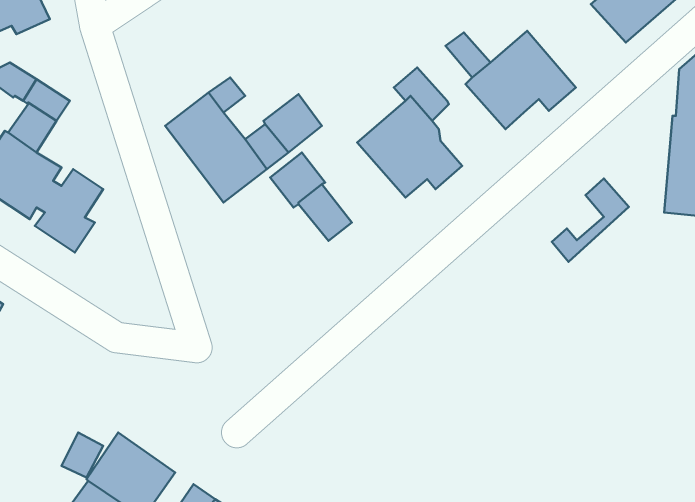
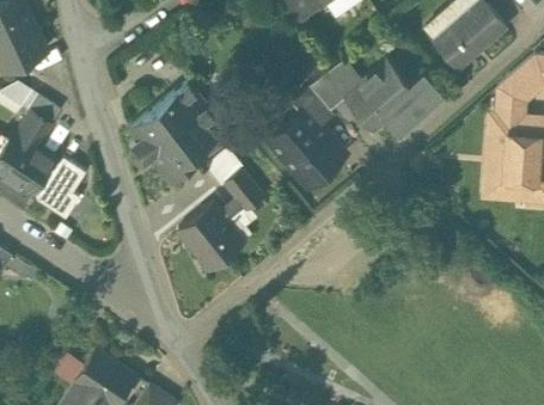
building: none -> [308,73,348,112]
building: [552,179,629,262] -> [385,75,440,135]
building: none -> [177,204,244,272]

